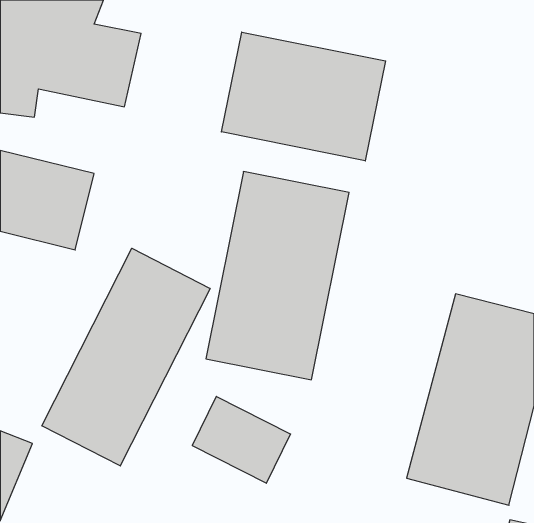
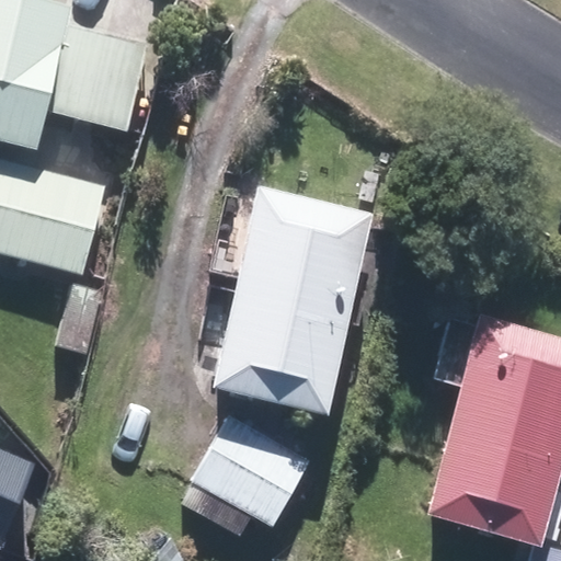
building: [221,32,386,161] -> none
building: [42,248,210,466] -> none

